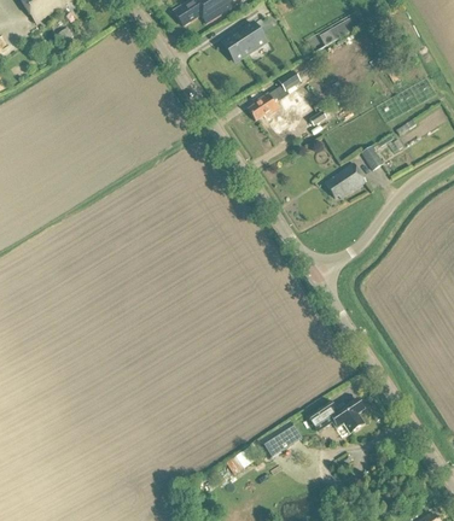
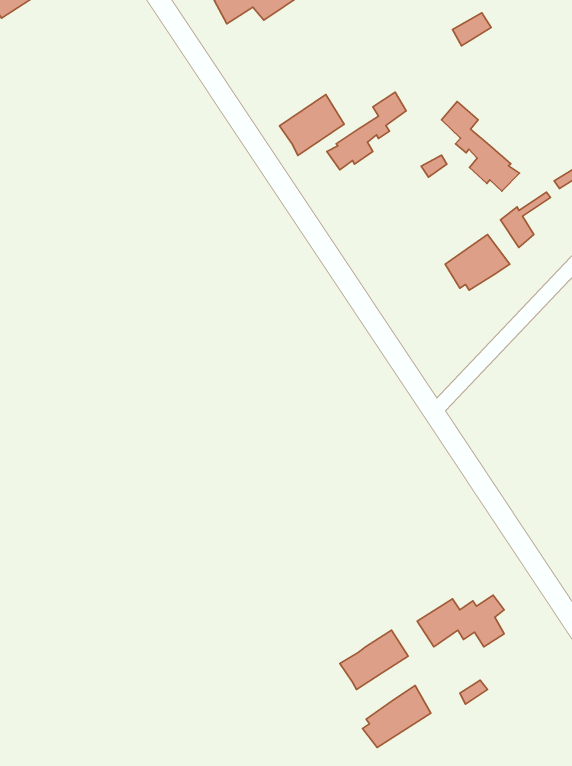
building: [223,22,266,62] -> [280,95,344,156]
building: none -> [441,101,519,191]
building: none -> [362,686,431,748]

